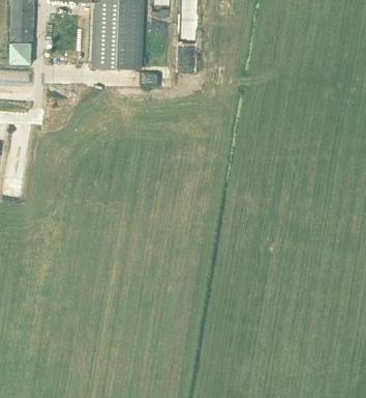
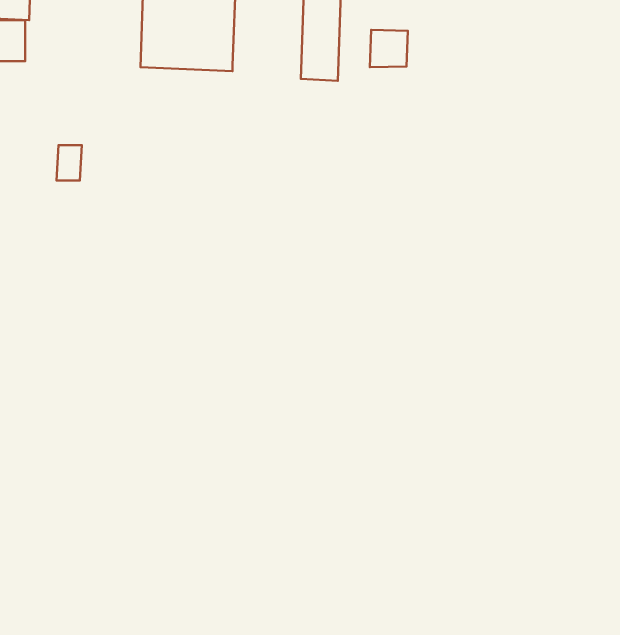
building: none -> [370,30,408,67]

